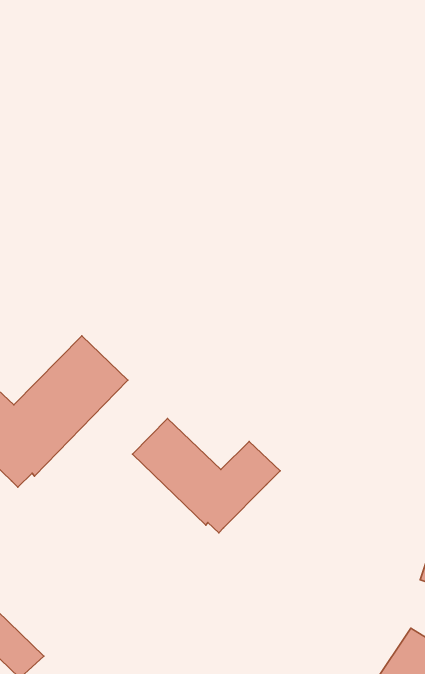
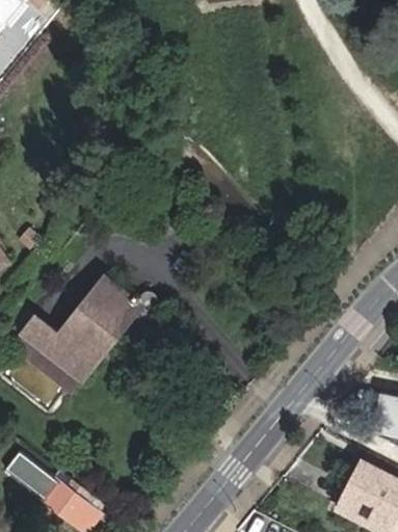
building: [133,418,280,533] -> none

